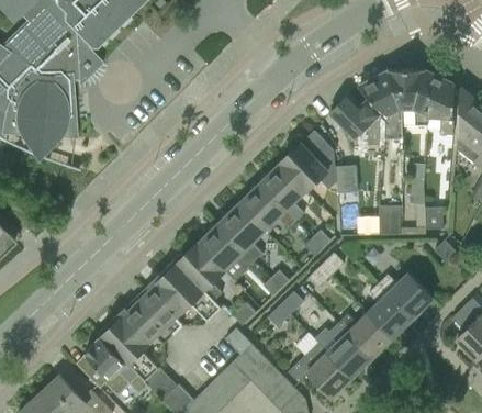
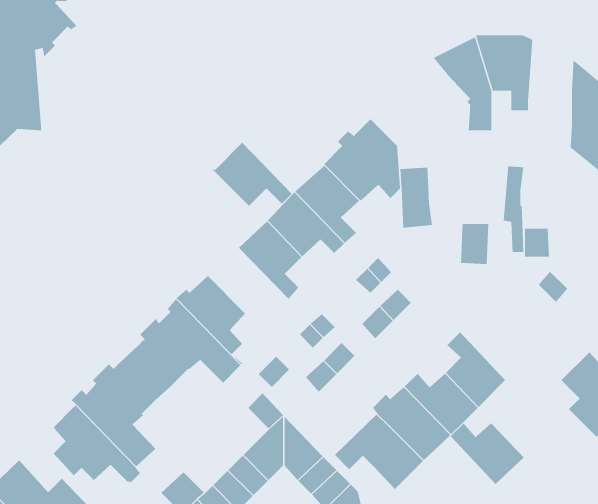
building: [428,72,456,134] -> none
building: [329,94,385,145] -> none
building: [197,223,255,270] -> [212,142,292,207]
building: [379,274,433,319] -> [450,423,525,485]

